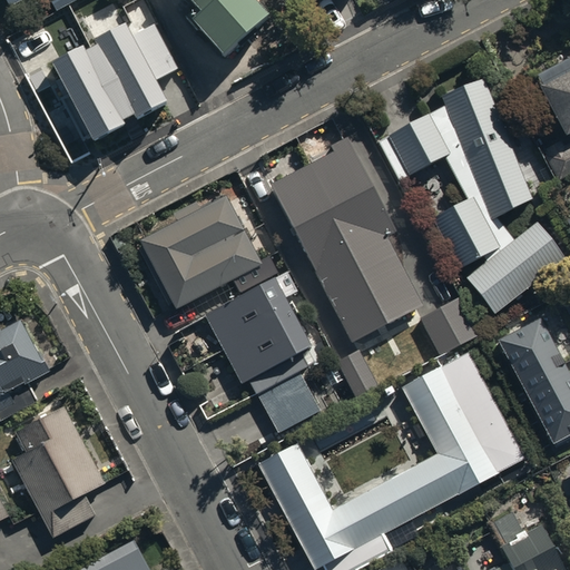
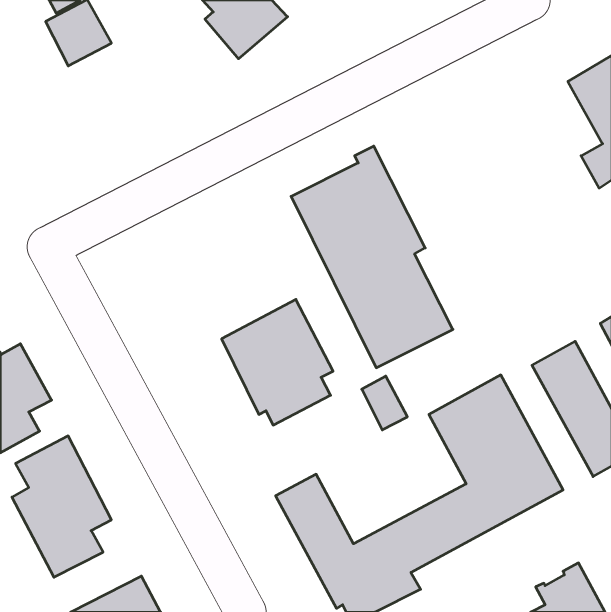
building: [57,33,170,154] -> none
building: [379,79,564,314] -> none
building: [139,196,278,313] -> none
building: [419,297,480,356] -> none
building: [259,374,322,433] -> none

